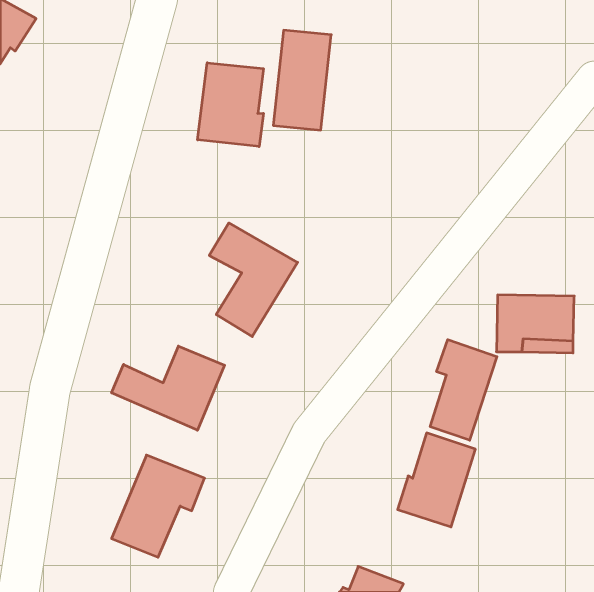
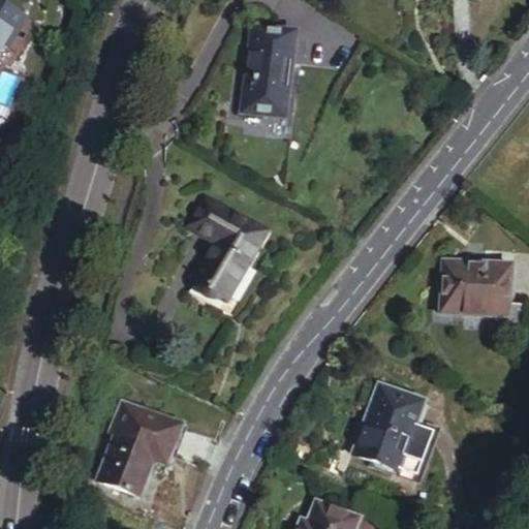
building: [198,63,263,147] -> none
building: [430,340,497,440] -> none
building: [112,346,225,430] -> none

